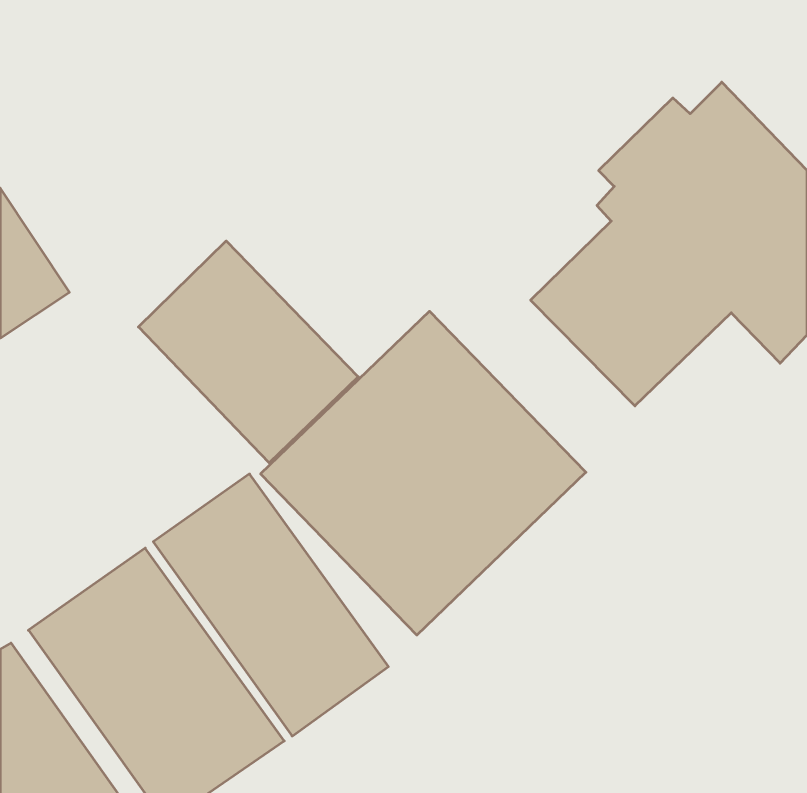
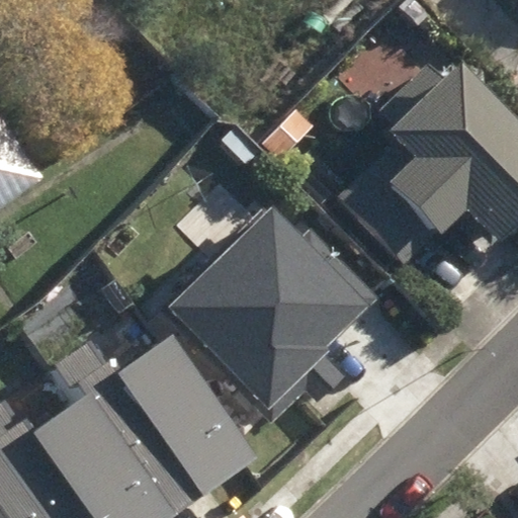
building: [138,241,358,463] -> none

